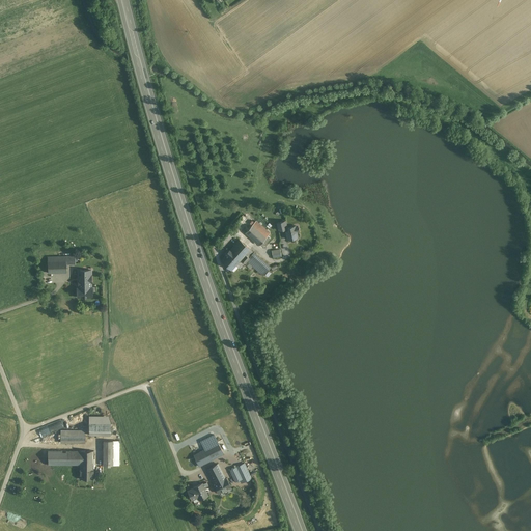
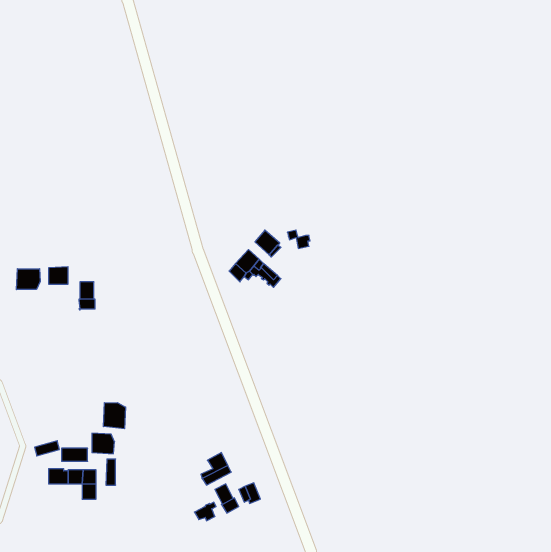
building: none -> [16,269,40,290]
building: none -> [103,403,126,429]

